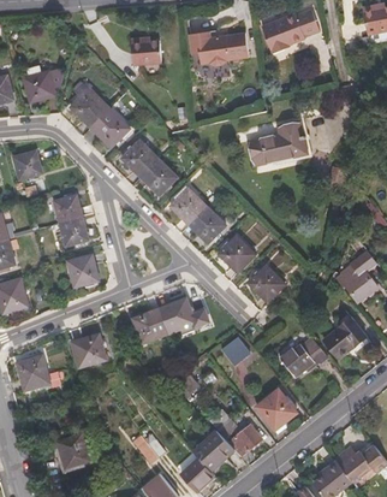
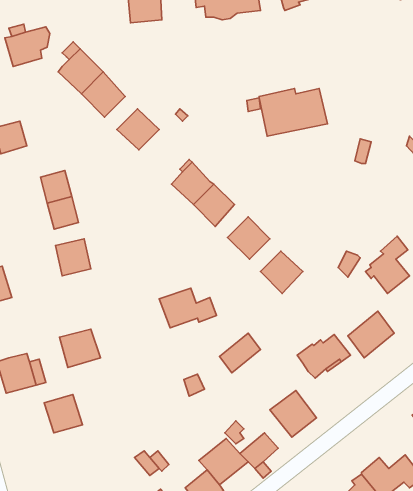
building: [141,158,177,195] -> none
building: [132,307,168,343] -> none
building: [56,433,90,467] -> [44,395,82,433]

